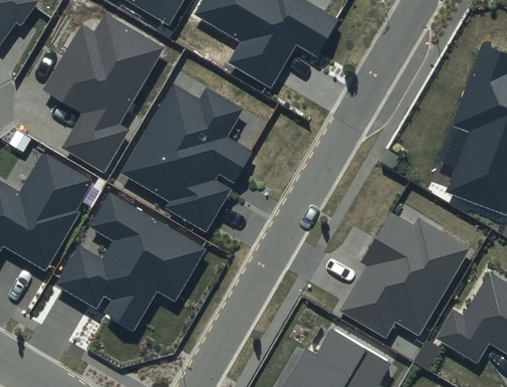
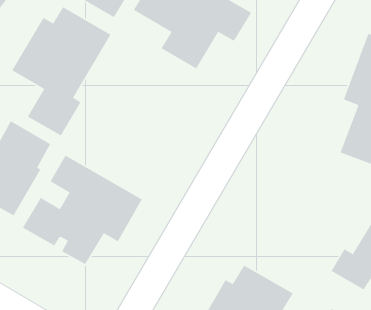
building: [121,83,252,234] -> none
building: [340,211,471,337] -> none

